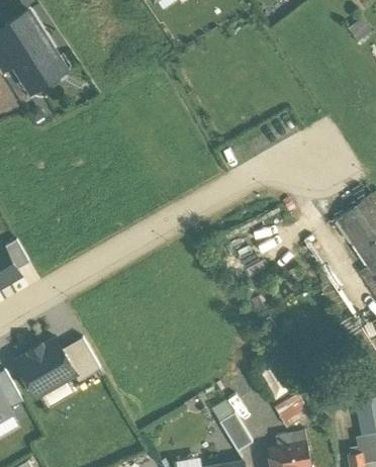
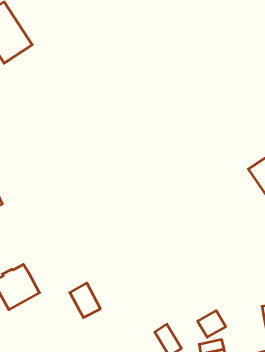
building: [62,340,100,383] -> [70,283,100,318]

